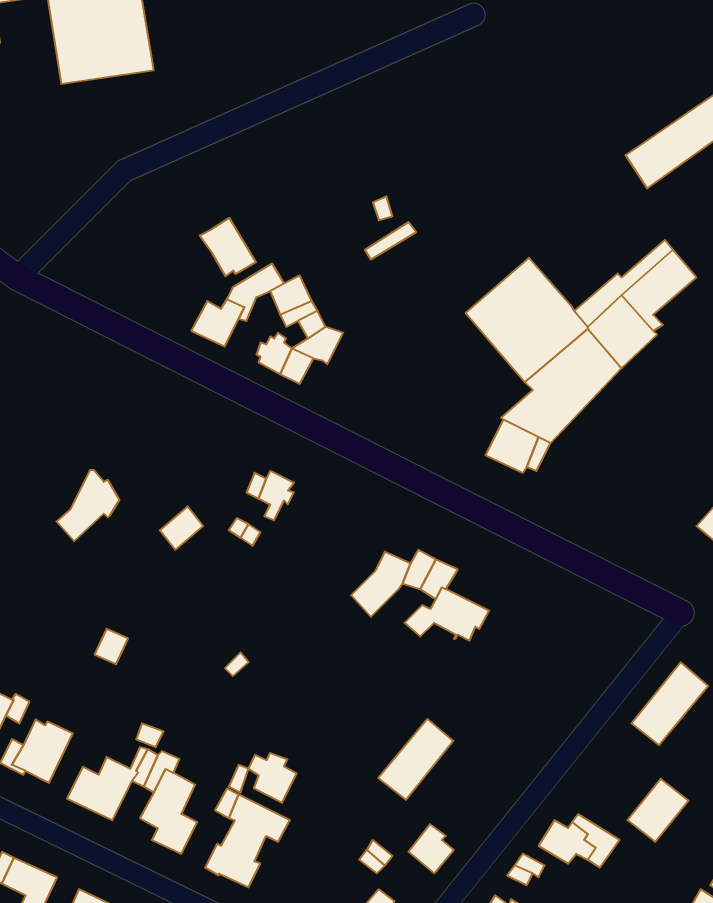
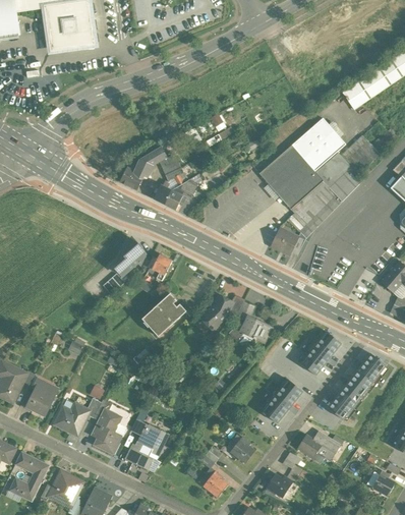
building: none -> [292,118,344,170]
building: [200,218,256,276] -> none
building: [56,470,120,541] -> [113,239,146,276]
building: none -> [140,294,184,337]
building: none -> [301,331,340,374]
building: [378,719,453,800] -> [263,380,301,421]
building: [249,753,297,803] -> none
building: [627,779,689,842] -> [328,385,359,417]

